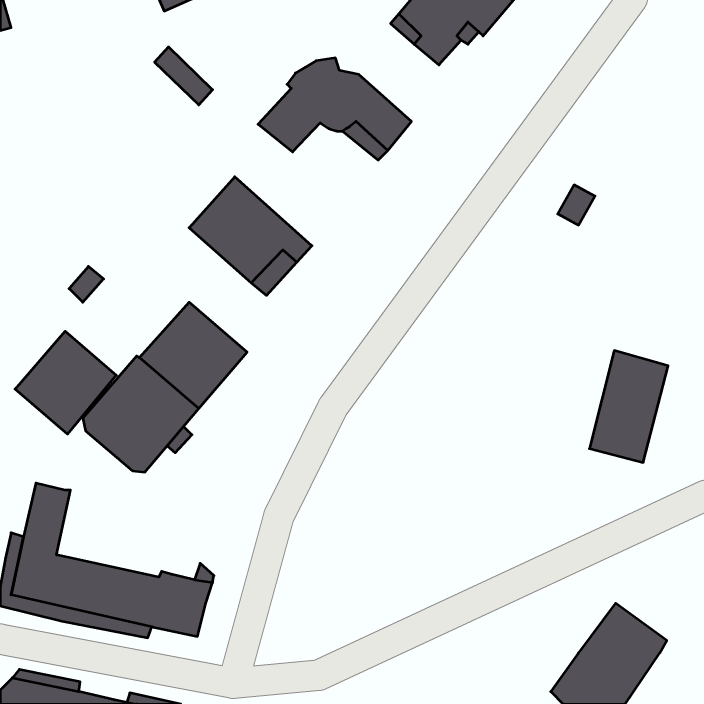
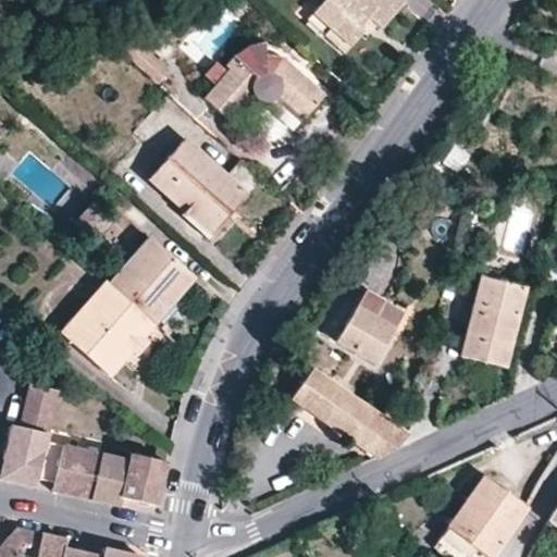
building: [15,331,116,434] -> none
building: none -> [343,301,410,373]
building: none -> [289,372,406,460]

